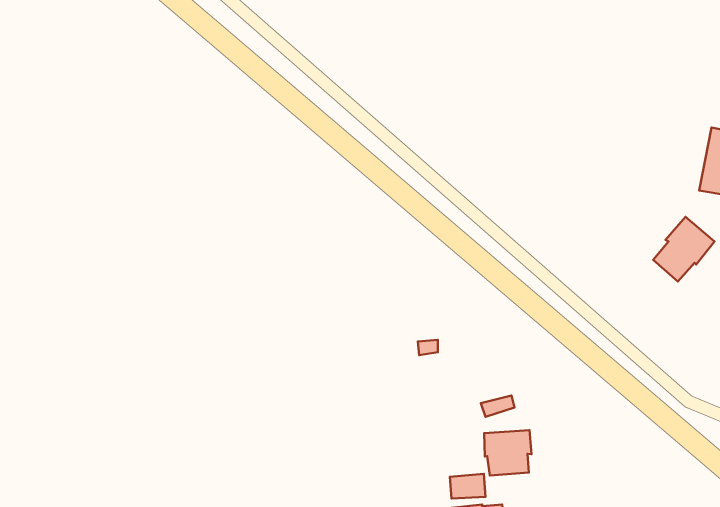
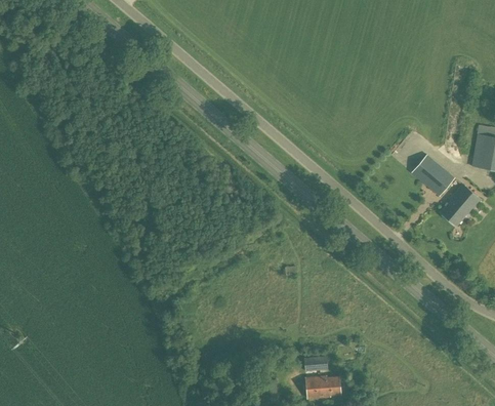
building: none -> [412,154,455,196]
building: [484,430,532,476] -> none

